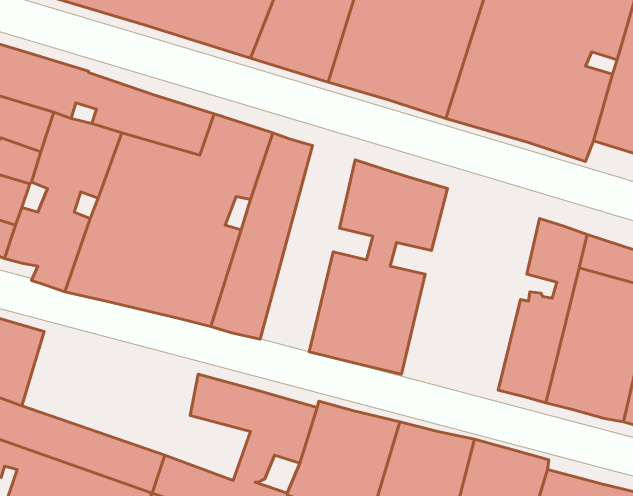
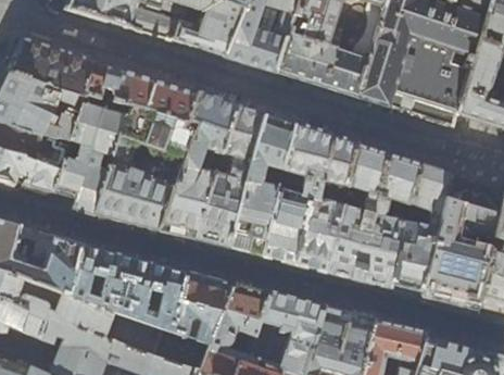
building: none -> [229,116,294,258]
building: none -> [326,146,420,289]
building: none -> [66,243,223,346]

